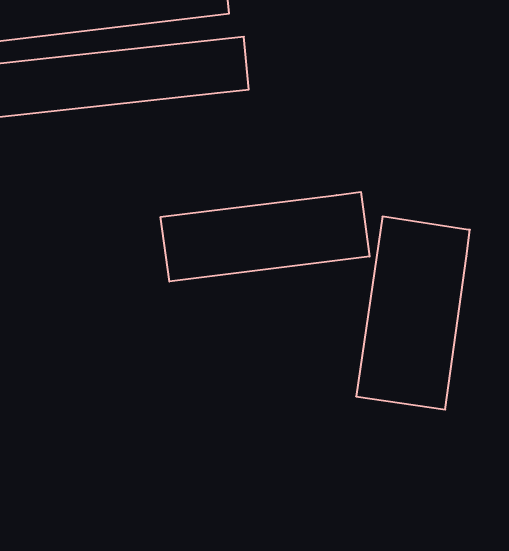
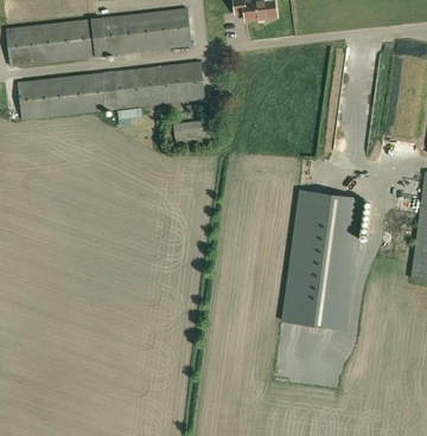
building: none -> [174,122,210,145]
building: [161,192,370,282] -> none

